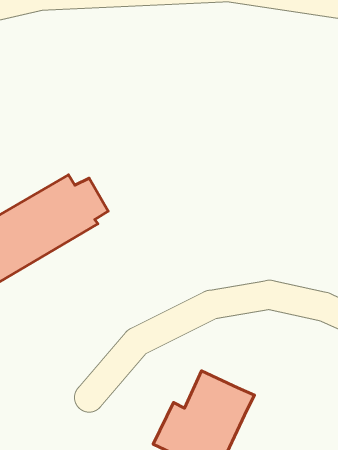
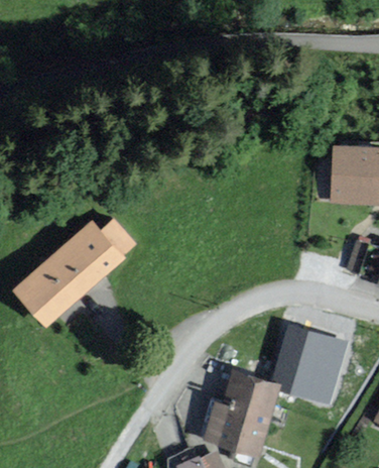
building: none -> [268,327,344,407]

